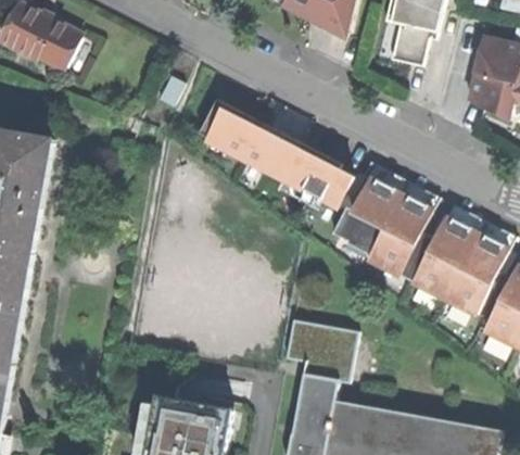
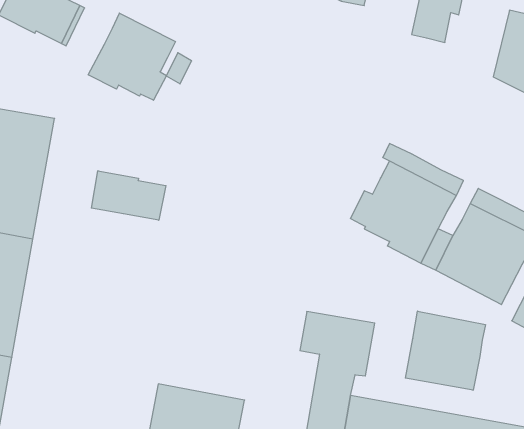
building: none -> [88,13,175,100]
building: [199,101,353,207] -> none
building: none -> [91,171,166,220]
building: none -> [405,311,485,390]

